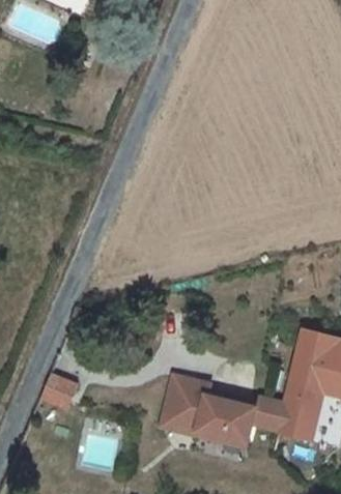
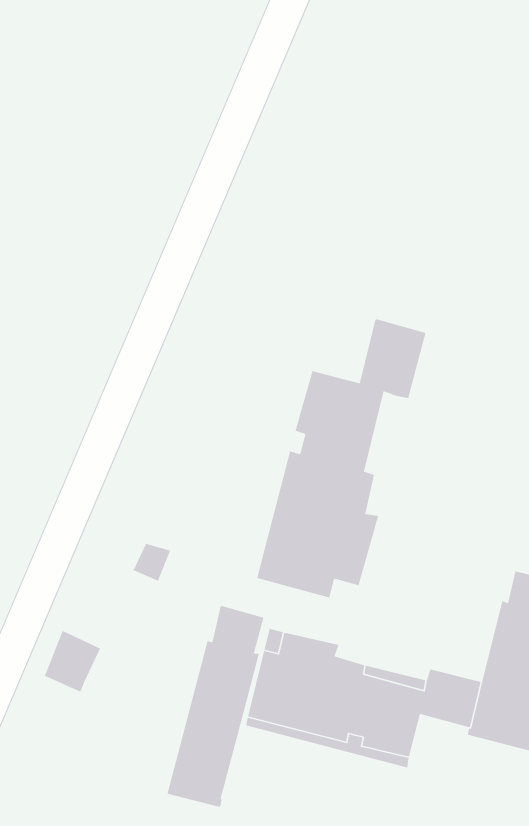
building: none -> [256,318,426,599]
building: none -> [166,605,265,808]

